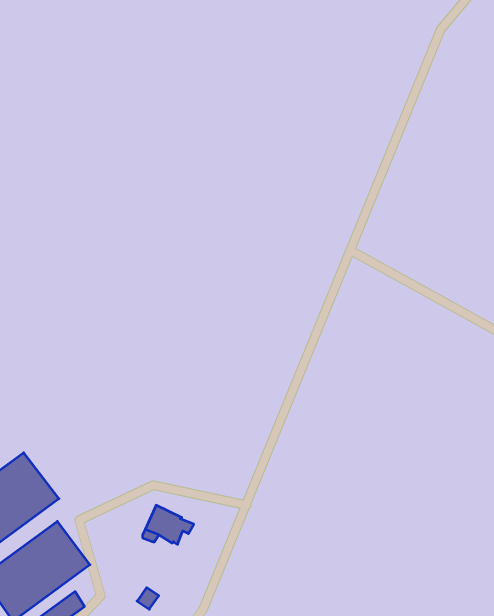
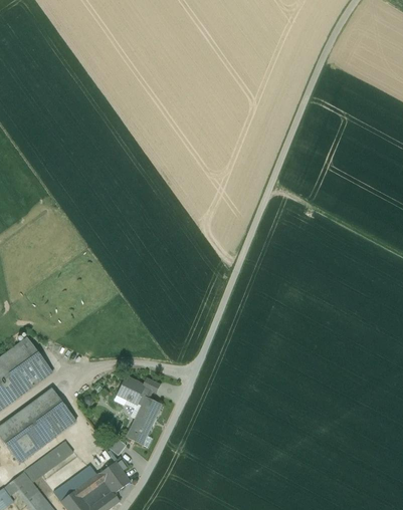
building: none -> [126,396,163,446]

